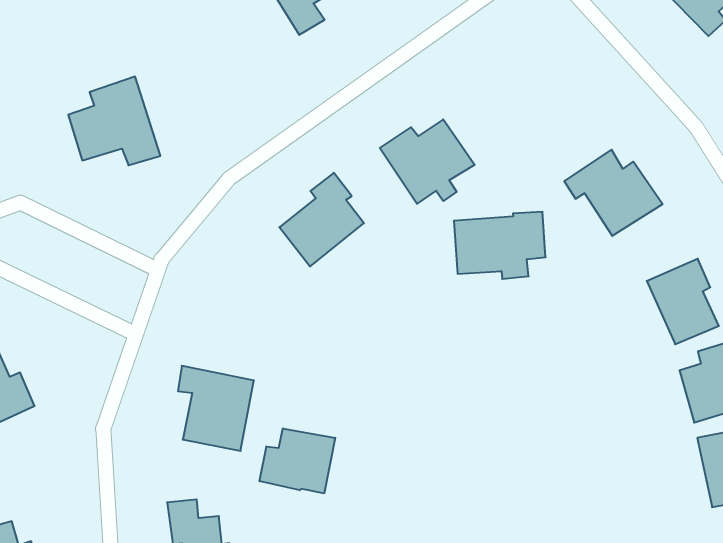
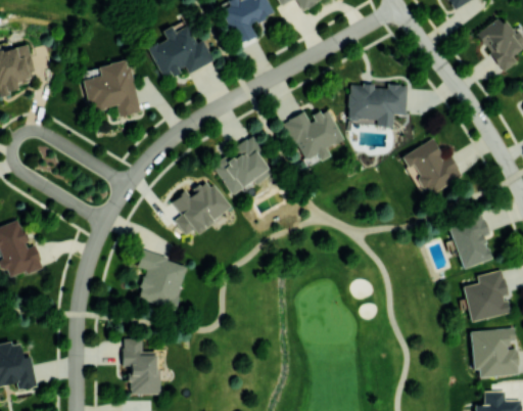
building: none -> [148,27,215,81]
building: [454,212,546,279] -> [348,85,408,127]
building: none -> [171,179,230,236]
building: [260,428,335,493] -> none

